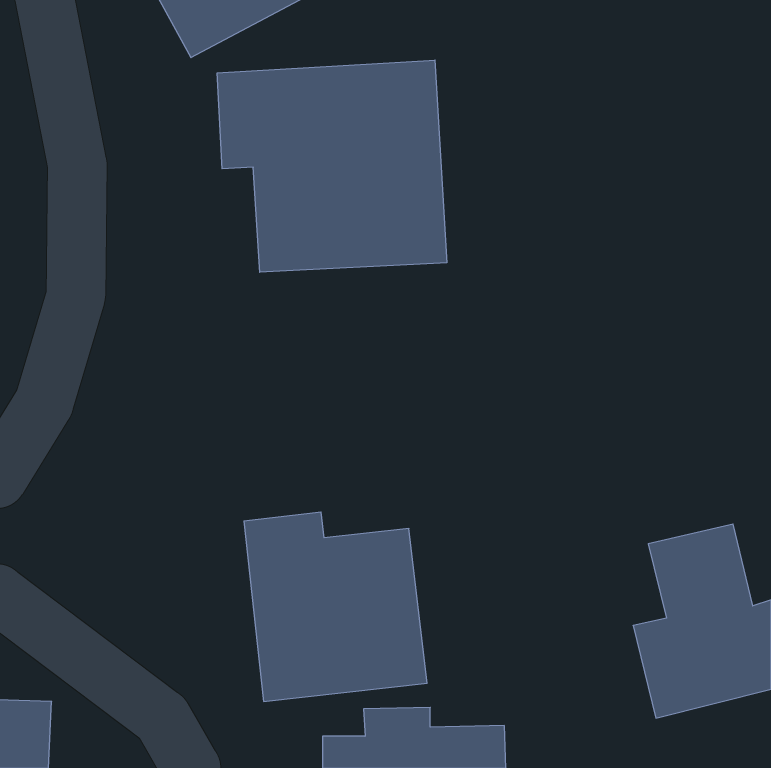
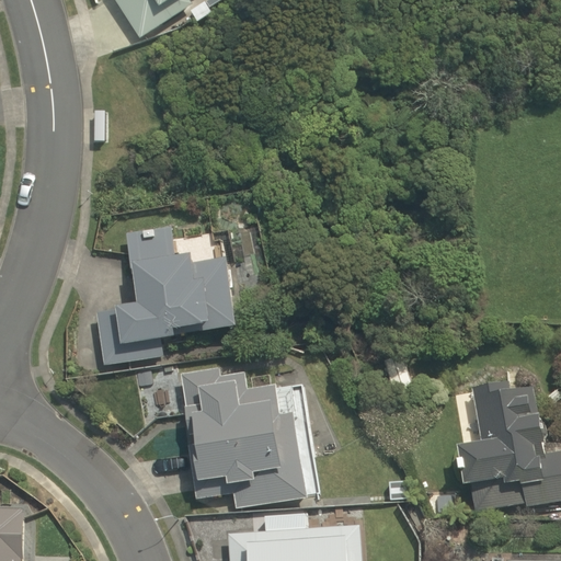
building: [217,60,447,272] -> none
building: none -> [98,230,238,369]

